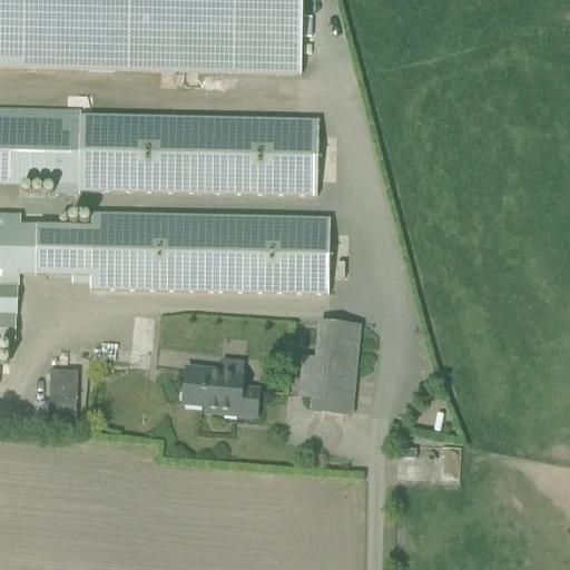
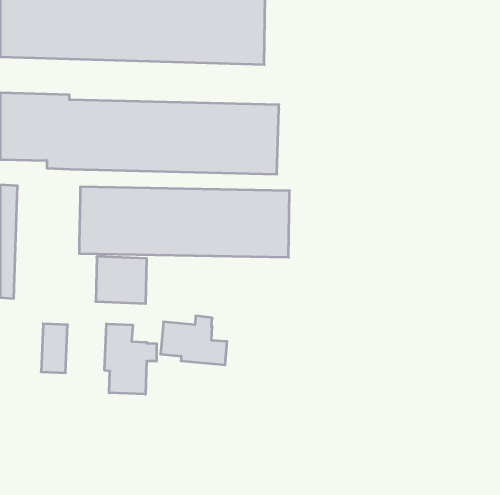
building: [33,223,91,276] -> [96,257,147,304]
building: [298,318,361,414] -> none
building: none -> [105,324,157,394]

